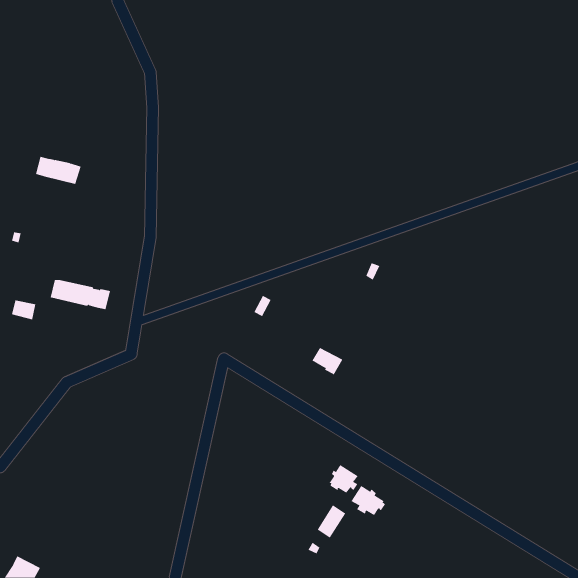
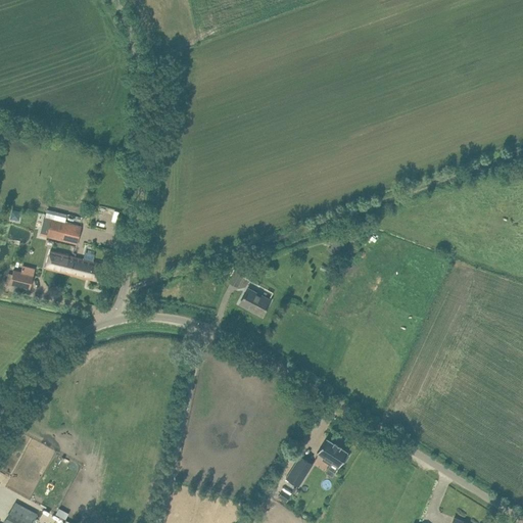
building: [35,156,82,184] -> [39,218,81,243]
building: [312,347,343,375] -> [241,289,270,315]
building: [329,464,358,494] -> none

